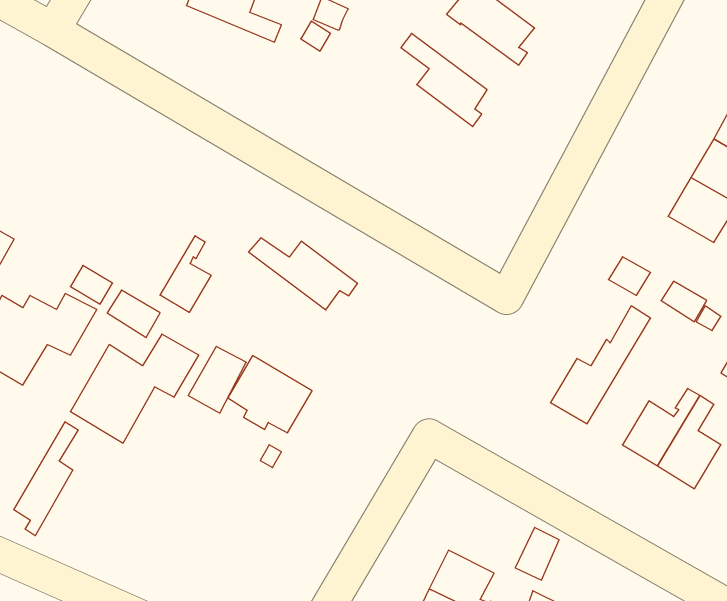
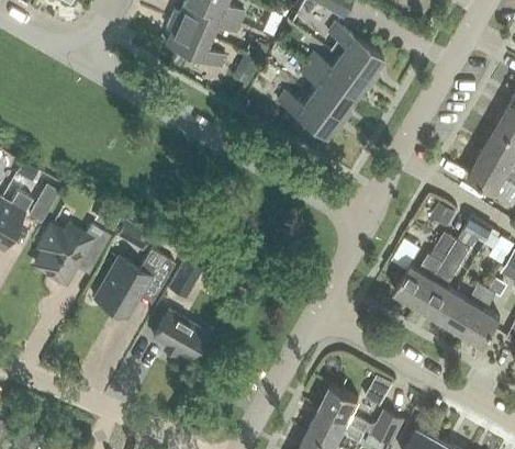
building: none -> [306,54,373,98]
building: [160,236,211,312] -> none
building: [249,238,358,310] -> [277,92,345,137]
building: none -> [416,240,468,319]
building: [228,356,312,433] -> [153,311,205,359]
building: [14,422,78,536] -> none

